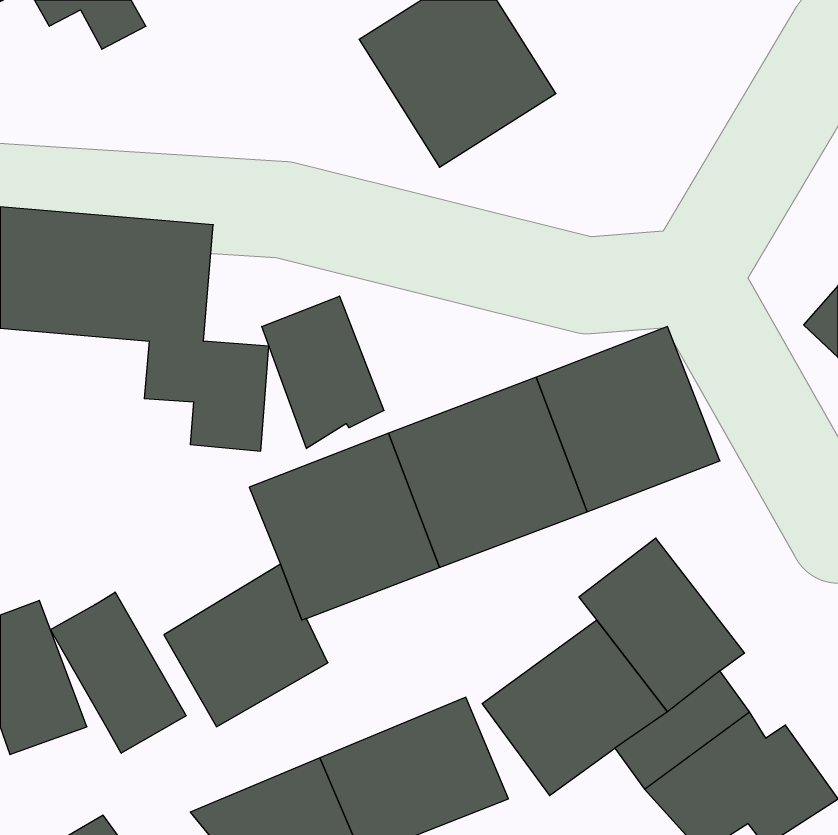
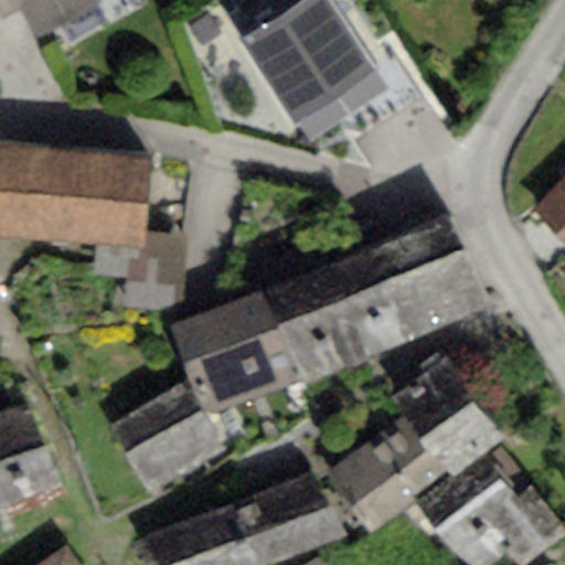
building: [262,296,384,449] -> none
building: [50,592,186,753] -> none

